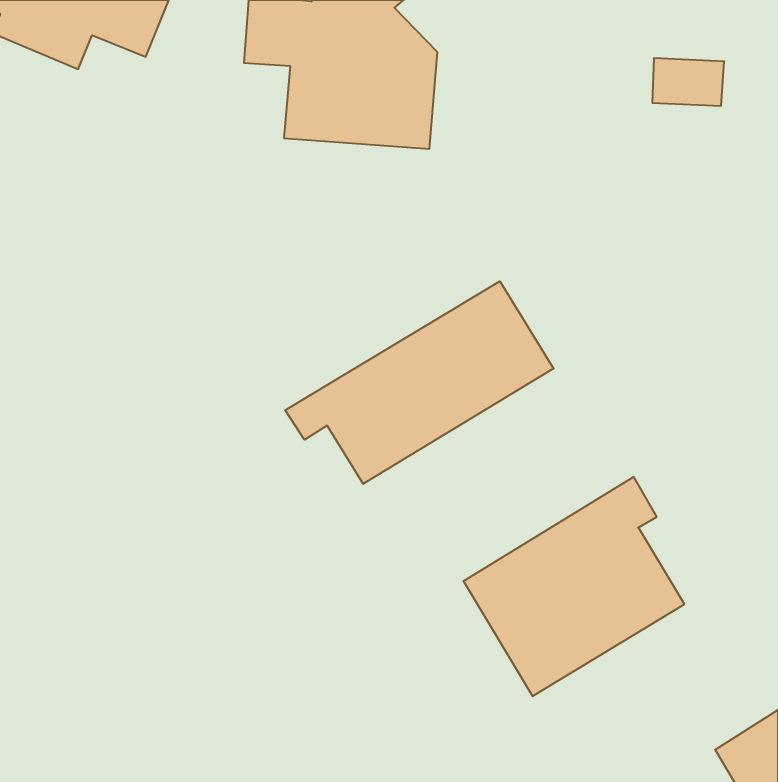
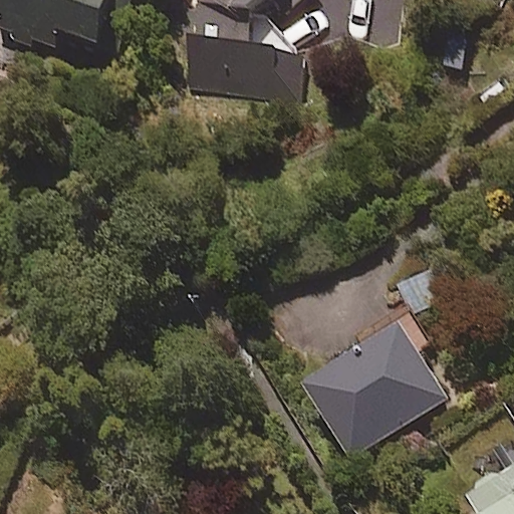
building: [285,281,554,484] -> none

